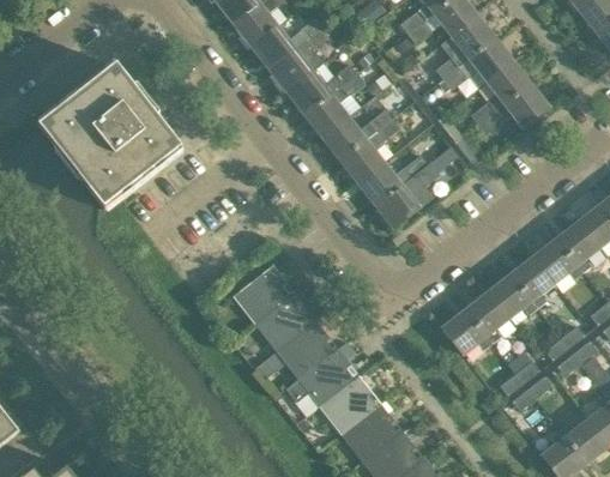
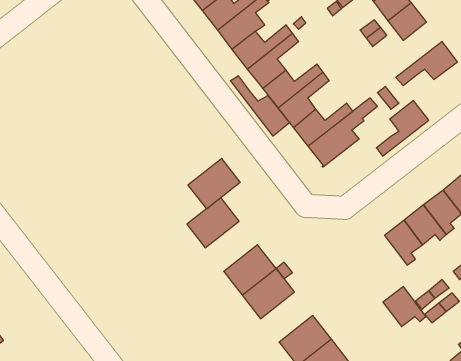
building: [470,59,531,123] -> [376,101,429,156]
building: [38,65,181,207] -> none
building: none -> [230,76,290,136]
building: [254,291,315,350] -> [188,158,240,209]
building: [440,308,490,355] -> [383,287,426,327]
building: [319,374,380,433] -> none

